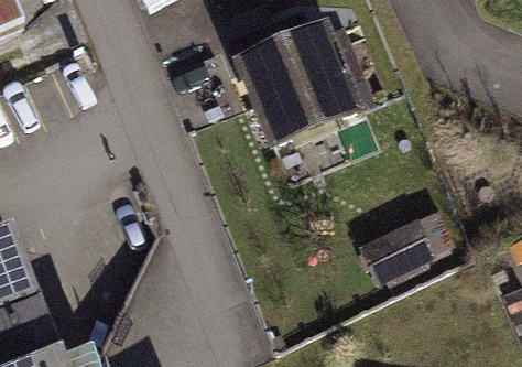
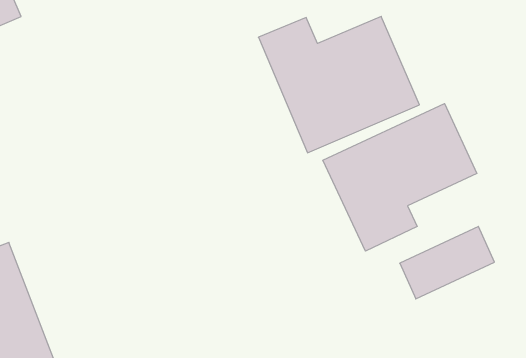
building: none -> [323,104,477,251]

